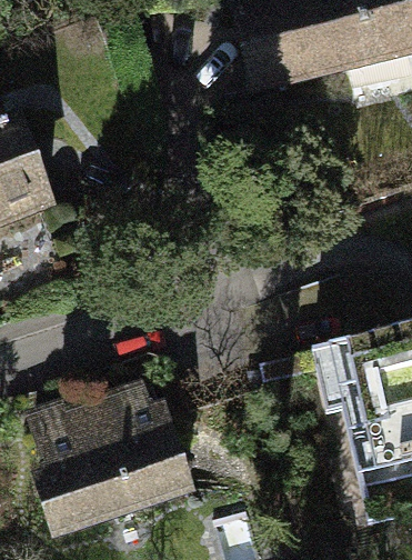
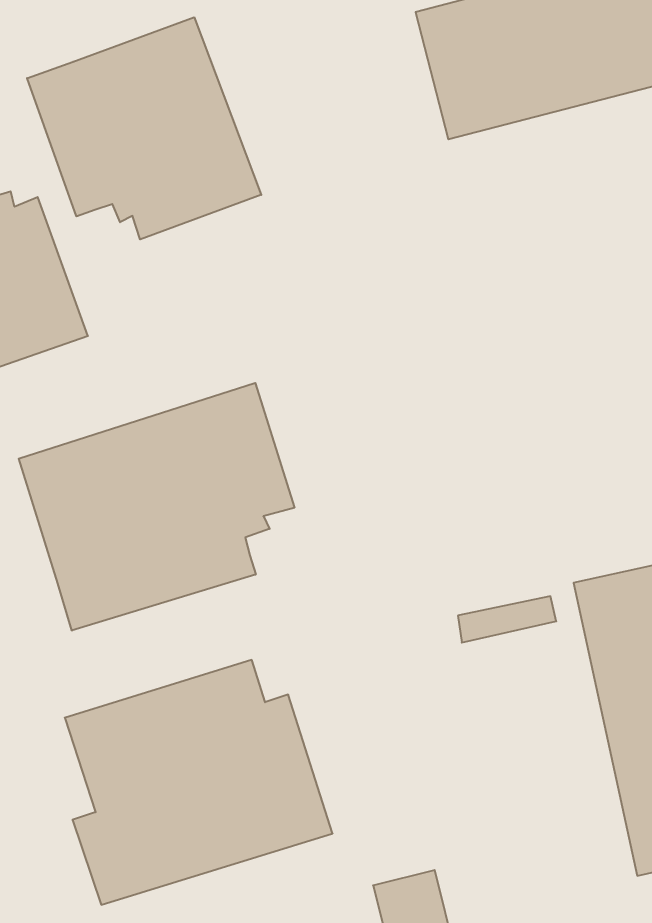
building: none -> [27,17,261,239]
building: none -> [19,383,294,631]

